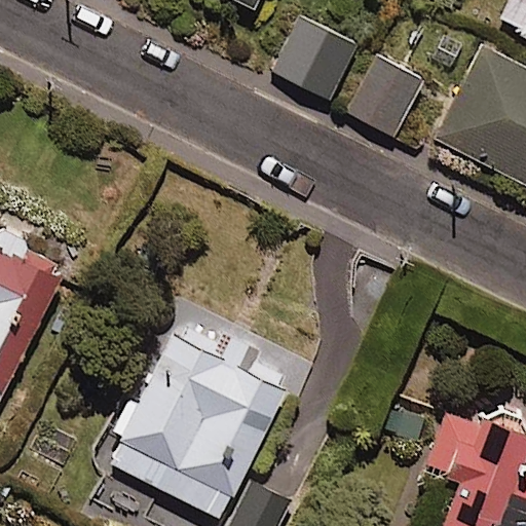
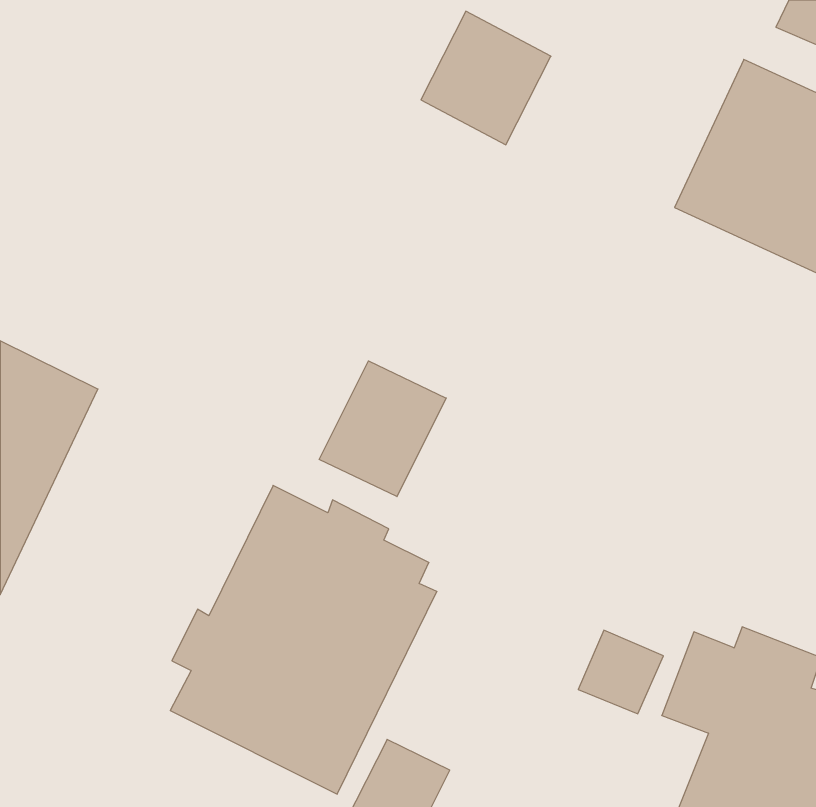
building: [346,58,422,138] -> none
building: none -> [319,361,446,497]

